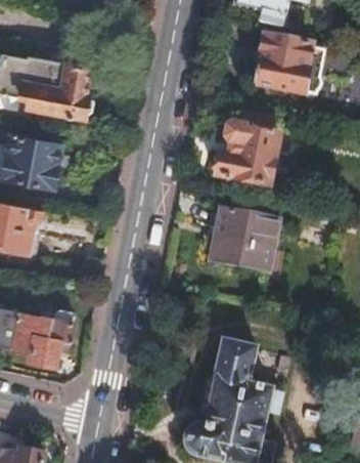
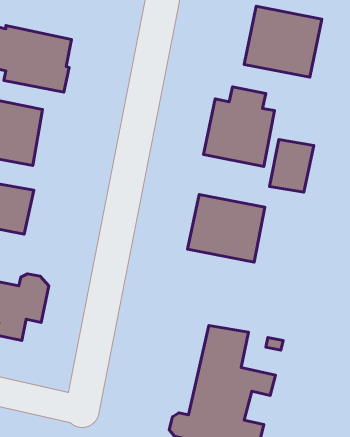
building: none -> [270,139,314,192]

